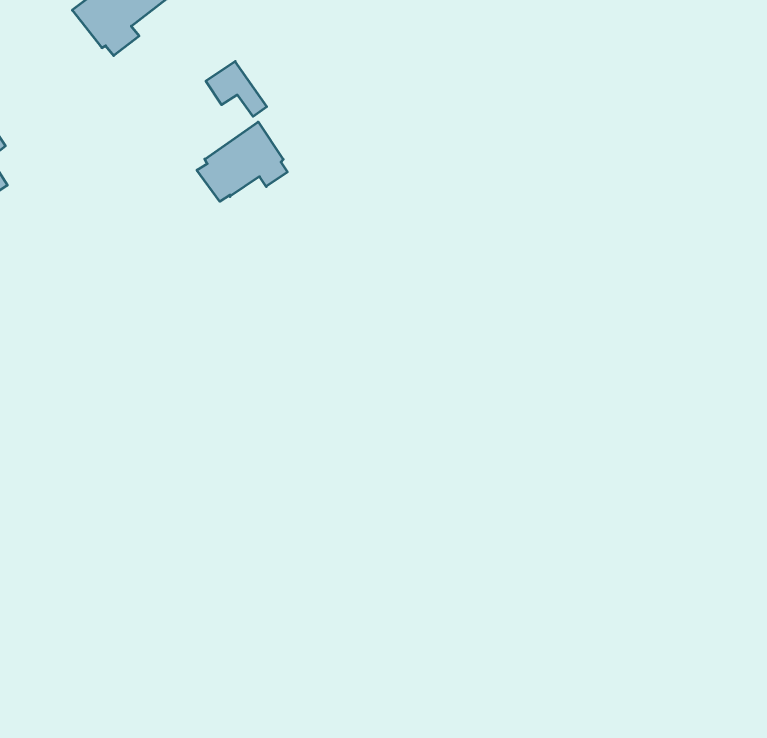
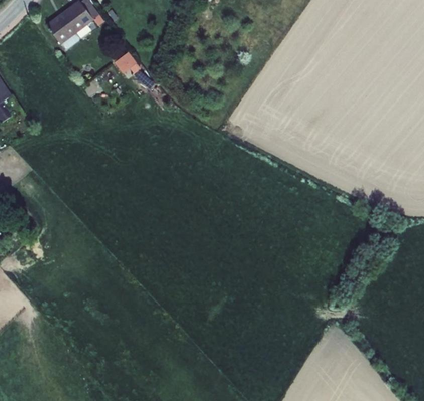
building: [197,122,287,201] -> none

